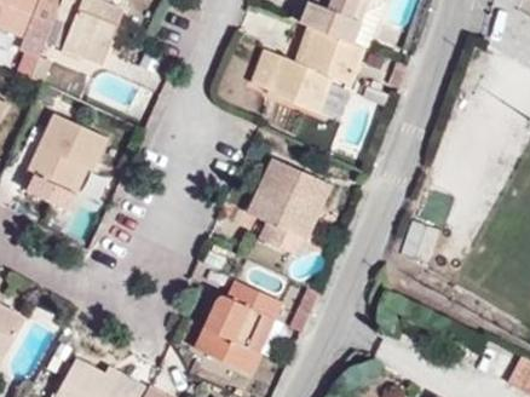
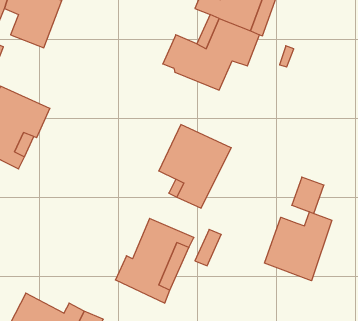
building: none -> [264,212,332,281]

